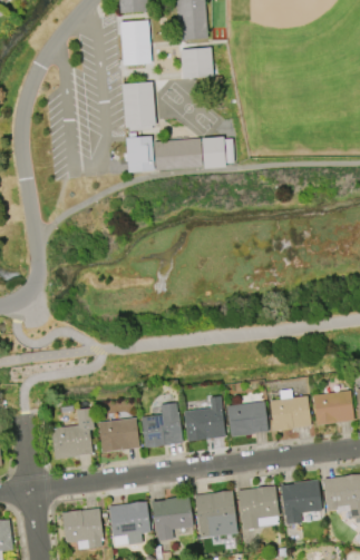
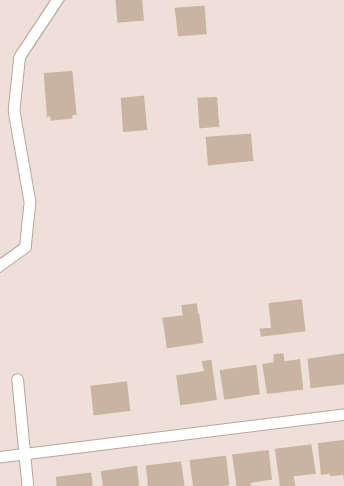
building: [123,80,157,130] -> [43,71,78,121]
building: [154,137,203,169] -> [205,133,254,166]
building: none -> [259,299,306,338]
building: [139,403,182,449] -> [162,303,204,349]
building: [50,409,94,459] -> none

